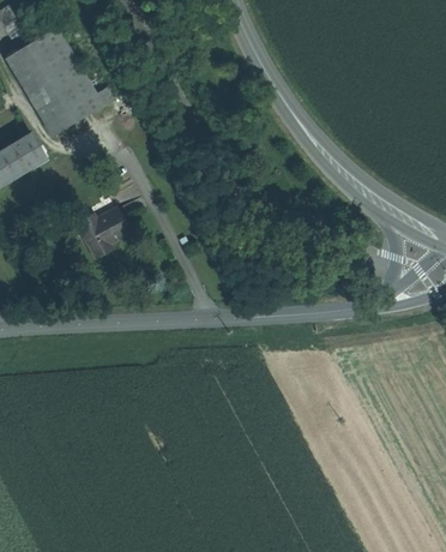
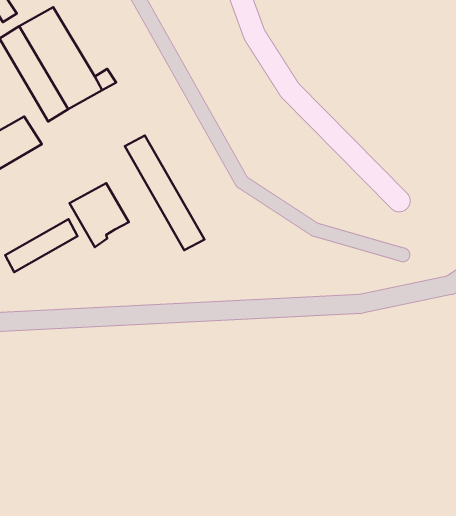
building: none -> [125,136,204,250]
building: none -> [5,219,77,272]

